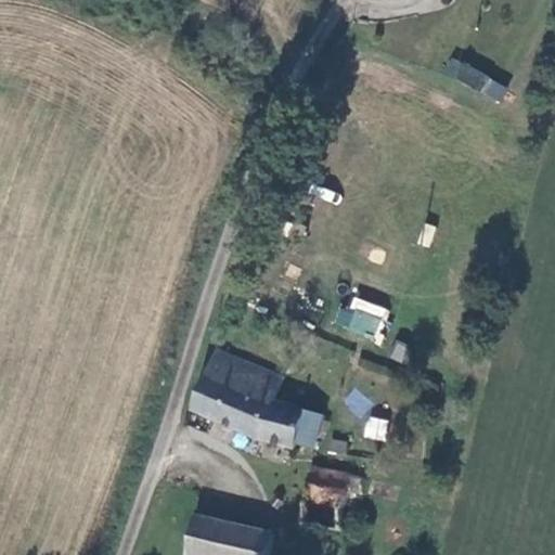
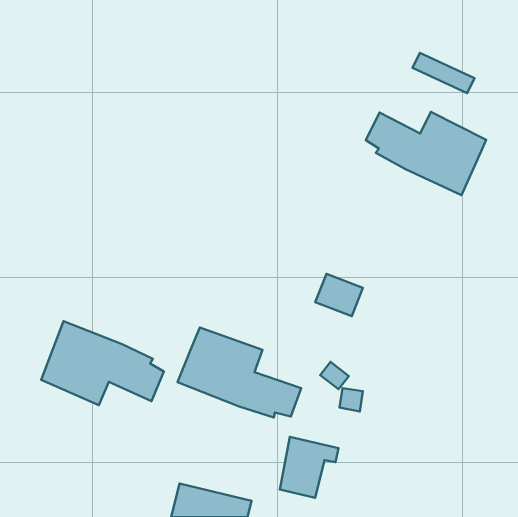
building: none -> [366,112,486,195]
building: none -> [41,321,164,405]

